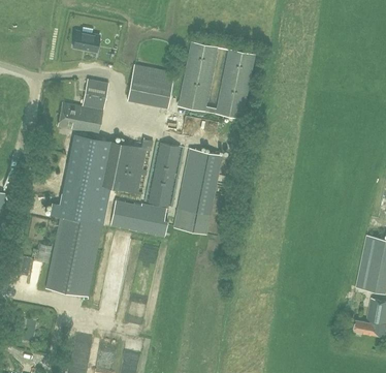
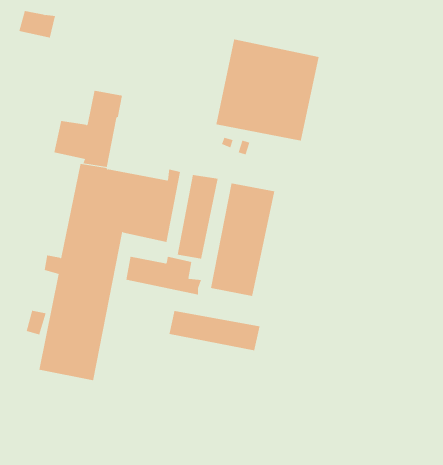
building: [72,31,100,52] -> [19,10,56,38]
building: [127,65,174,107] -> none
building: none -> [169,310,260,351]

